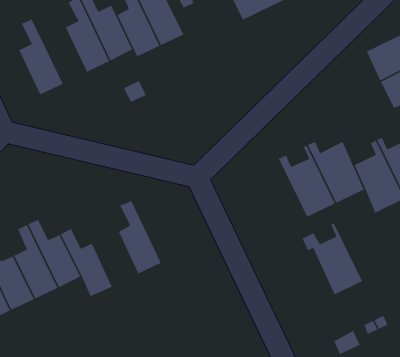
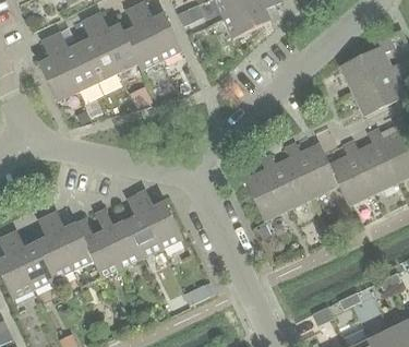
building: none -> [51,31,98,92]
building: none -> [137,188,183,247]
building: none -> [95,207,143,267]
building: [301,222,363,295] -> [236,156,289,219]

